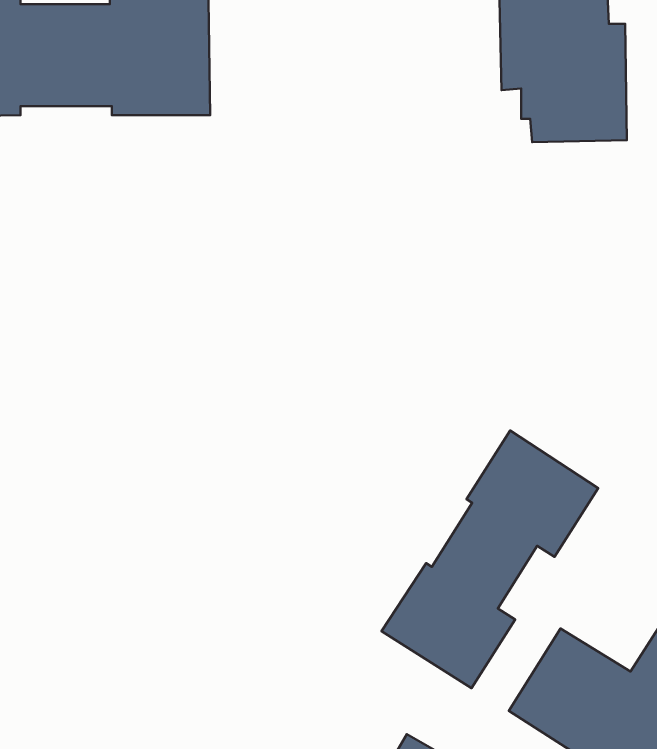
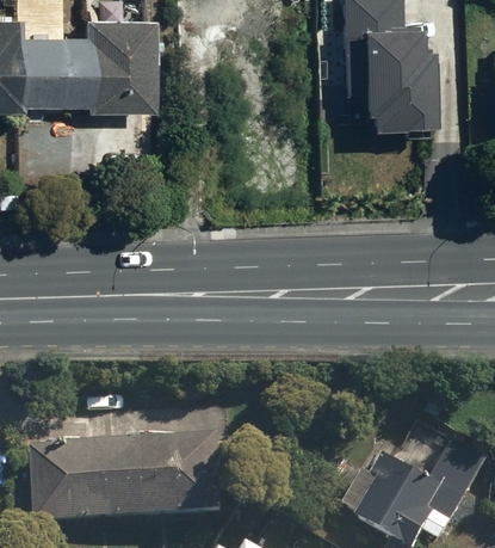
building: [381,430,598,688] -> none
building: none -> [36,438,225,524]

